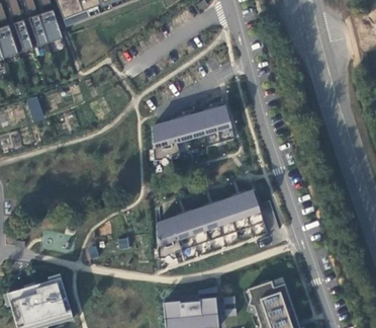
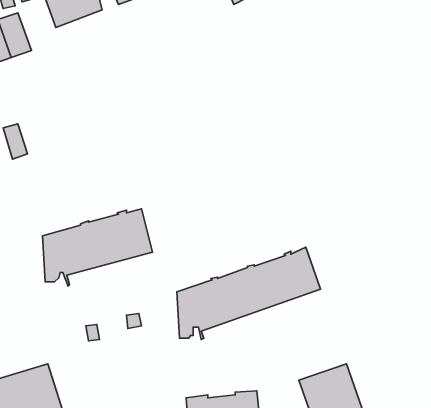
building: [37,9,62,43] -> none
building: [152,105,233,163] -> [42,209,152,286]

